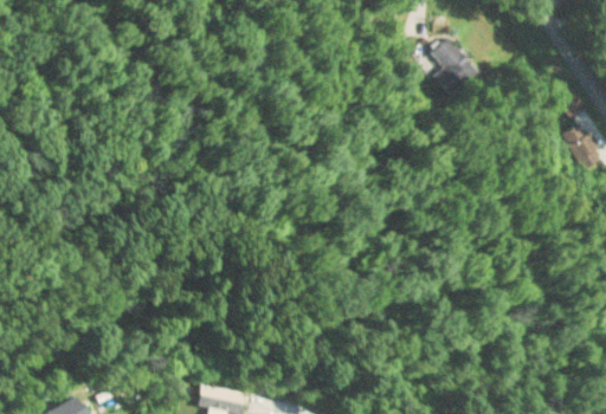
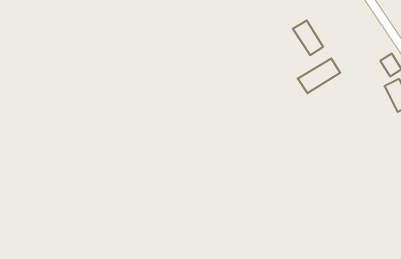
building: none -> [298,58,340,93]

